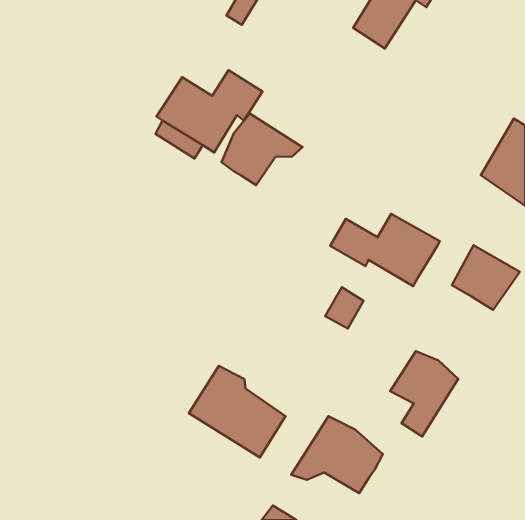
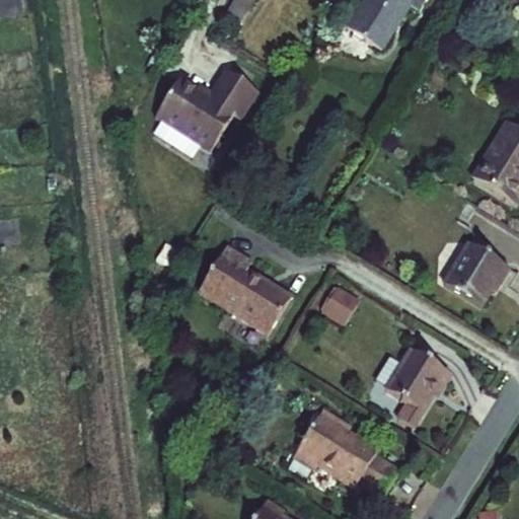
building: [222,113,302,185] -> none
building: [330,214,440,286] -> none
building: [189,366,286,457] -> [197,244,292,335]

